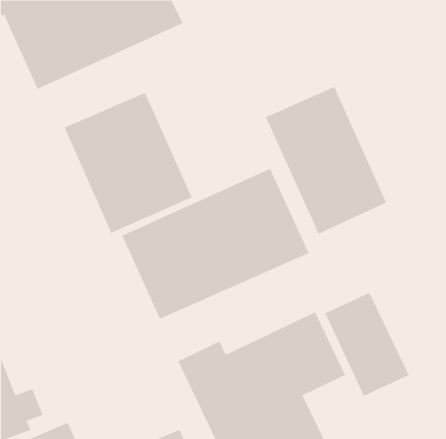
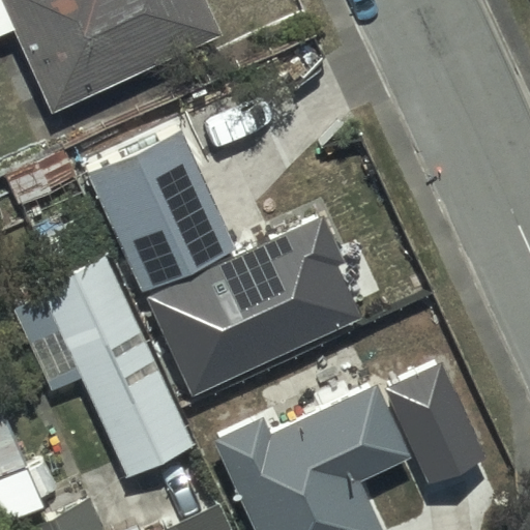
building: [265,86,387,234] -> none
building: none -> [16,226,197,485]

